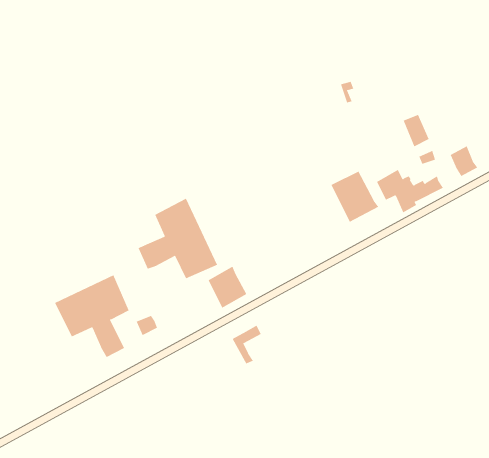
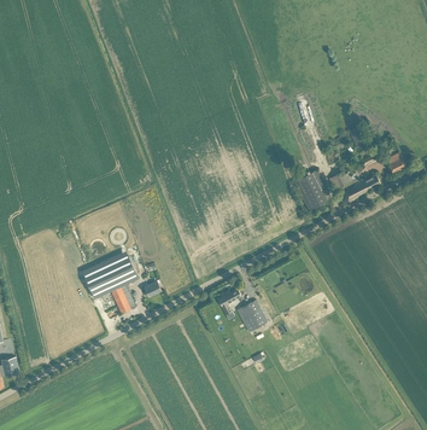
building: [138,198,218,279] -> none
building: [208,266,247,308] -> [236,297,267,330]

